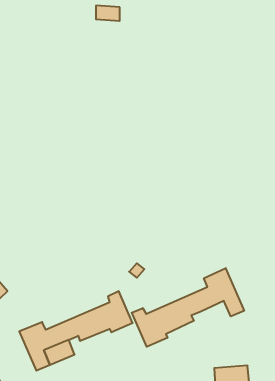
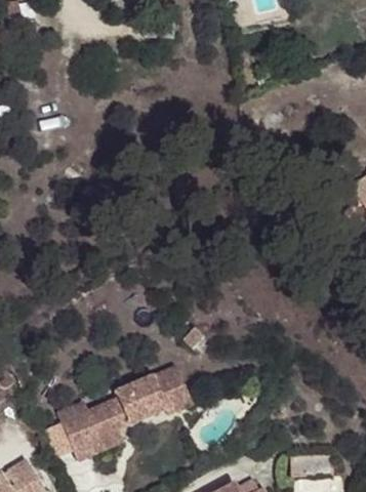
building: [132,268,244,347] -> none

